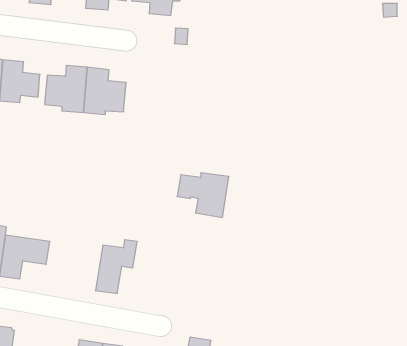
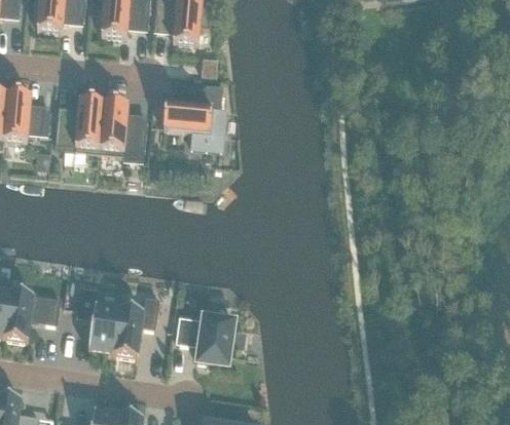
building: none -> [163,83,212,130]
building: [177,173,229,217] -> [176,314,234,364]
building: none -> [75,285,120,352]

